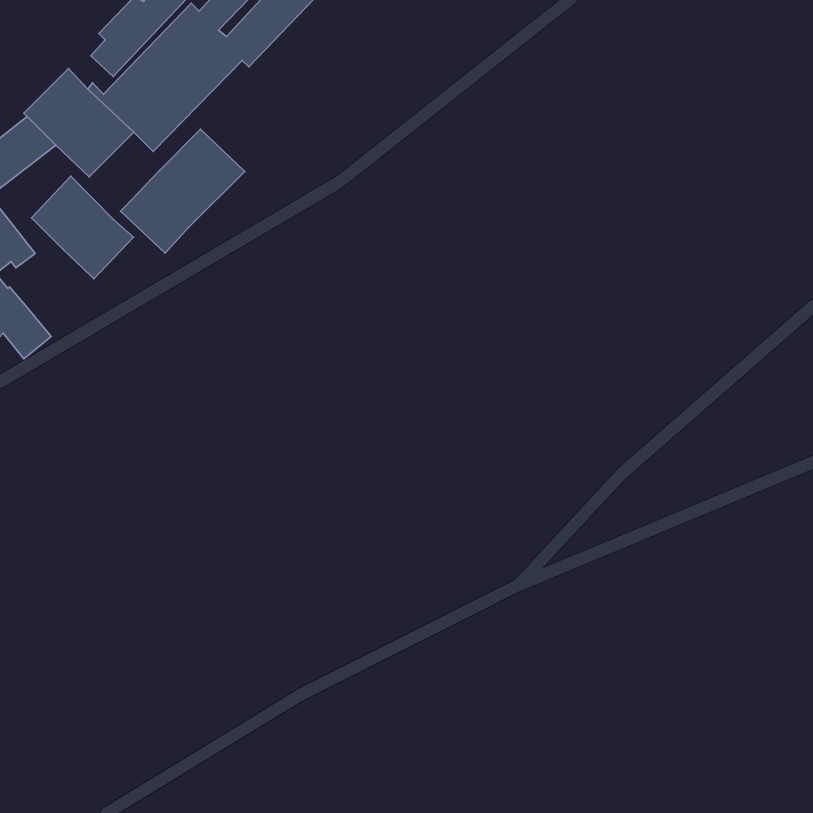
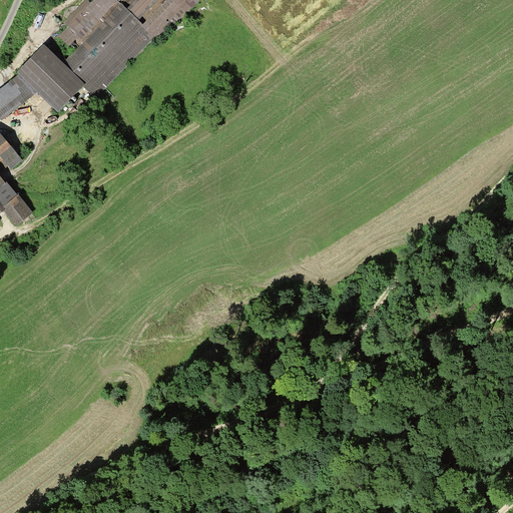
building: [120,129,245,253] -> none
building: [31,176,134,279] -> none

